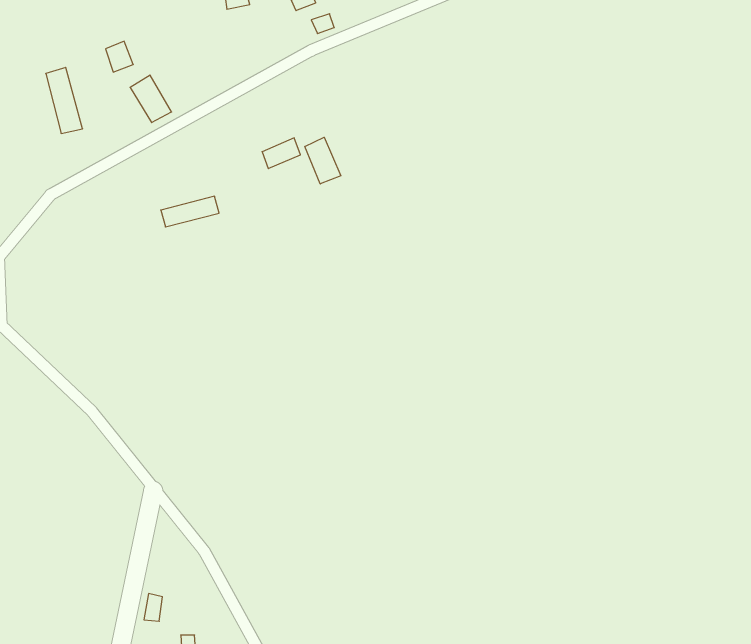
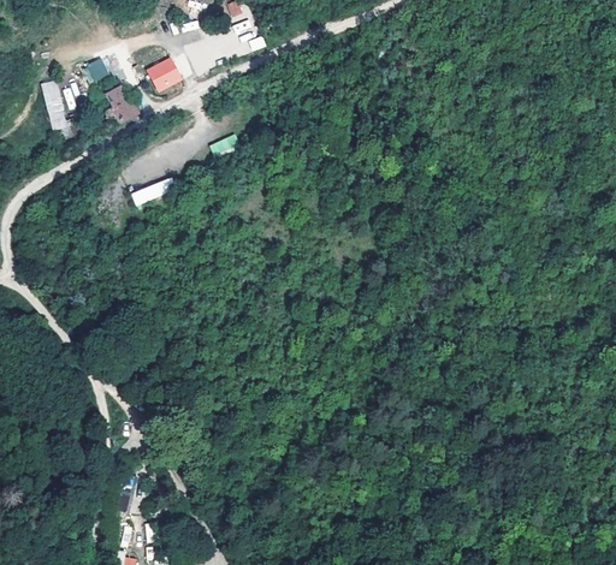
building: none -> [146,58,183,94]
building: [305,137,341,184] -> none

